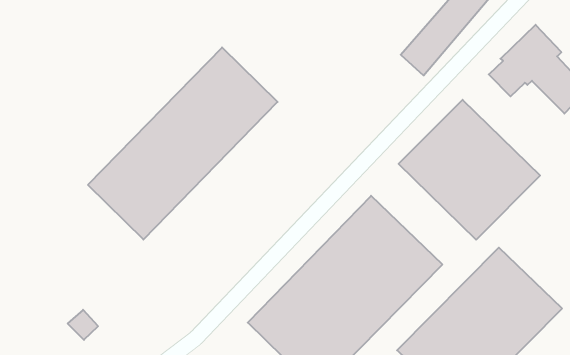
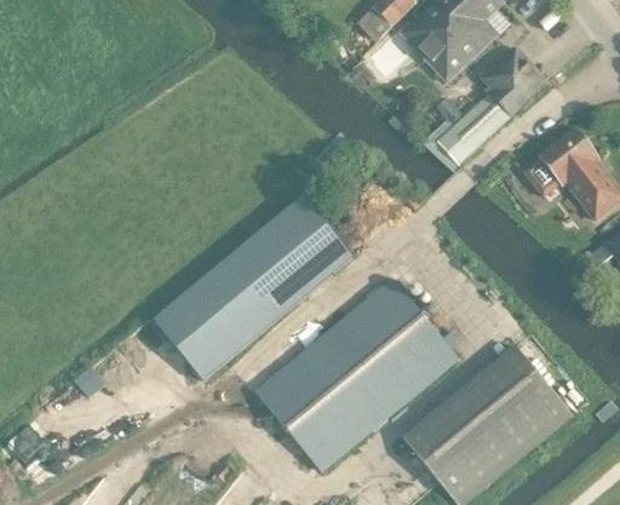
building: [88,47,278,240] -> [154,195,352,379]
building: [399,100,540,240] -> none

